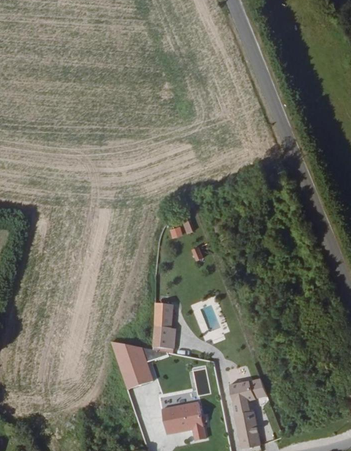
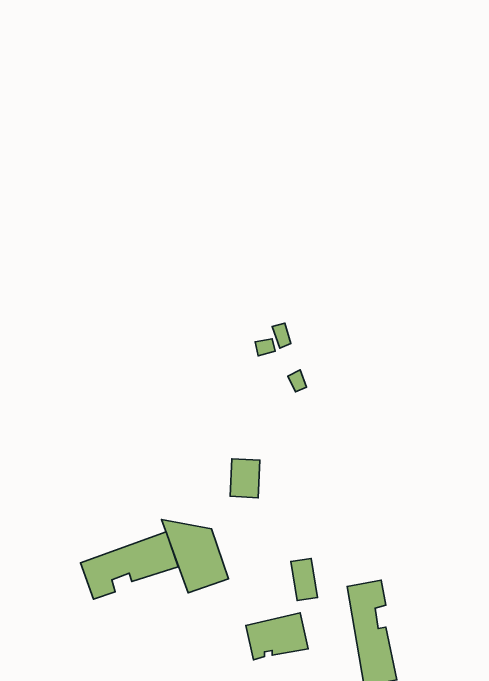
building: [152,327,177,353] -> none
building: none -> [81,532,178,599]

